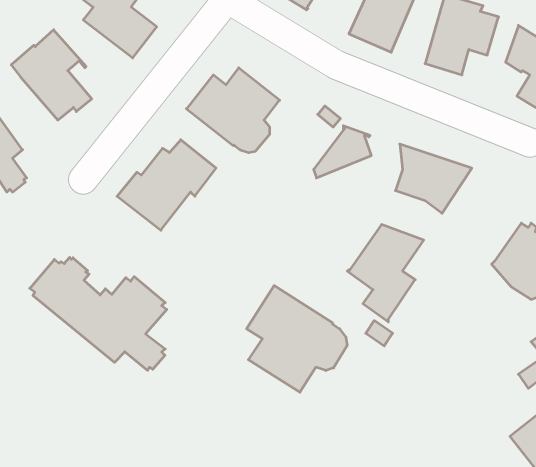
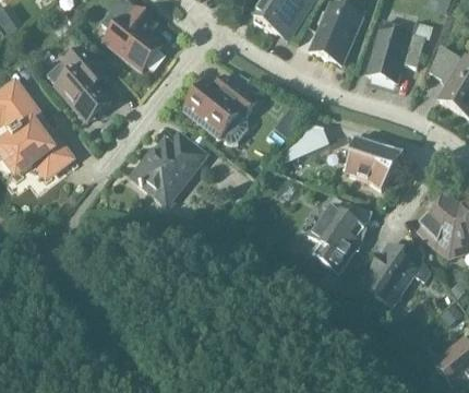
building: [30,257,167,370] -> none
building: none -> [365,243,432,305]
building: [247,286,347,392] -> none

